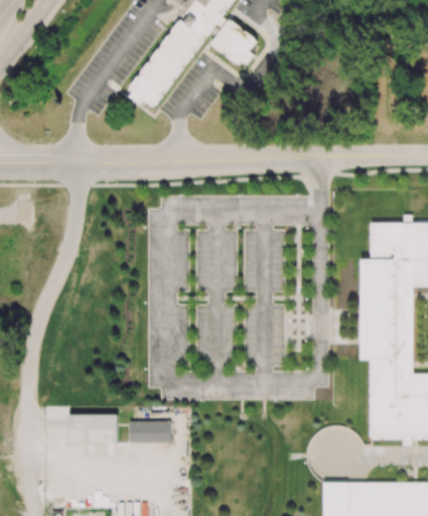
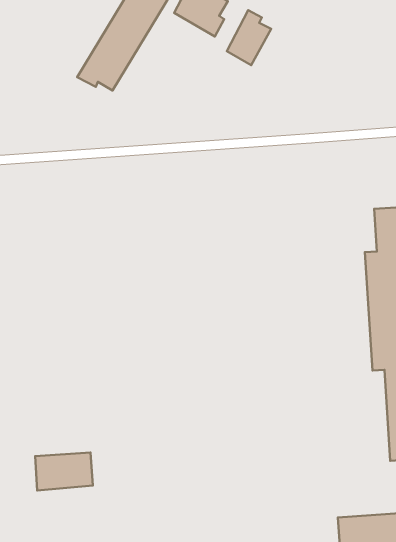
building: none -> [227,10,271,65]
building: [129,421,170,442] -> none

